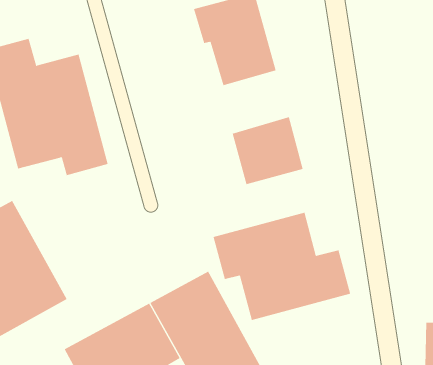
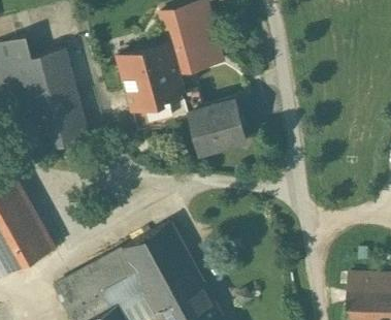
building: none -> [115,43,186,115]
building: [213,212,351,321] -> none

